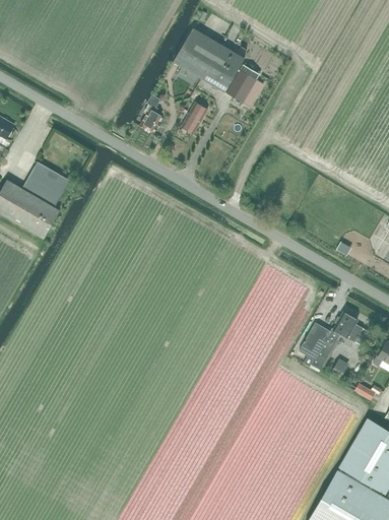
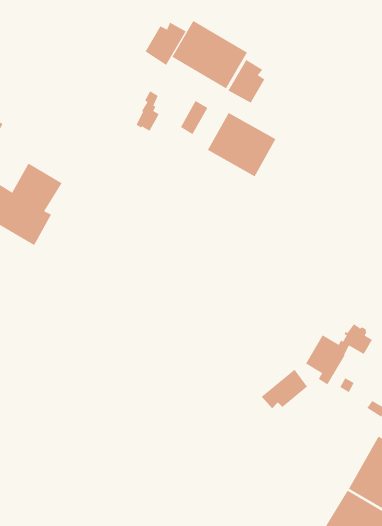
building: none -> [145,22,187,66]
building: none -> [207,112,276,177]
building: none -> [261,369,308,409]

